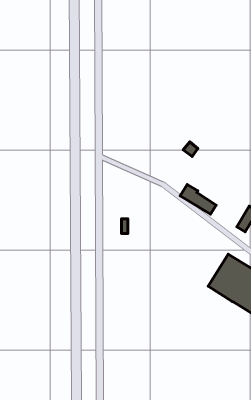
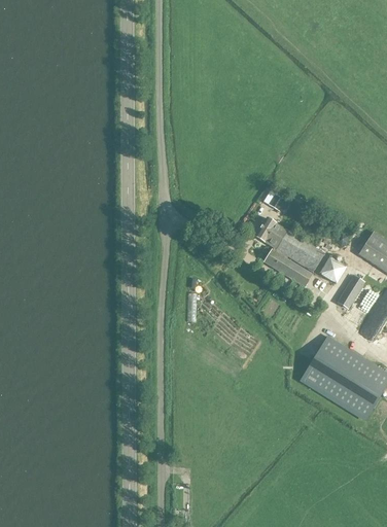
building: none -> [254,218,323,272]
building: none -> [319,255,346,282]

